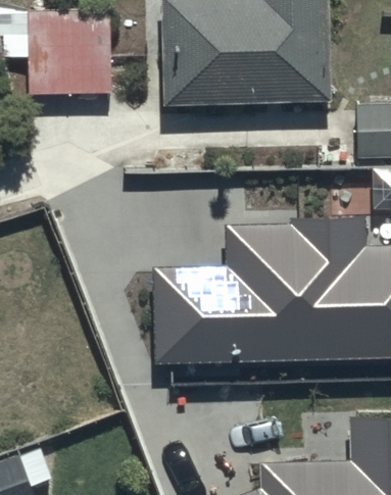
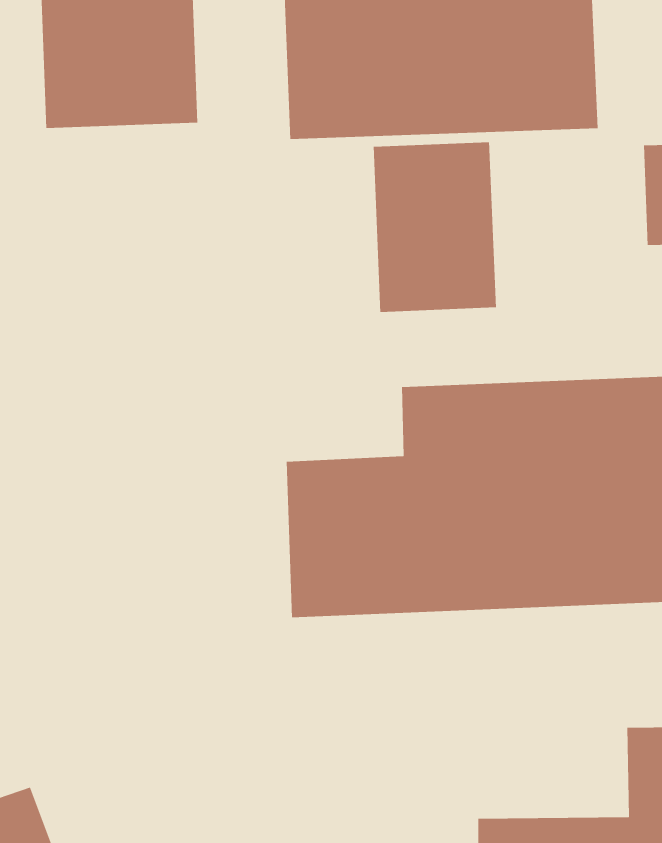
building: none -> [373,141,496,313]

